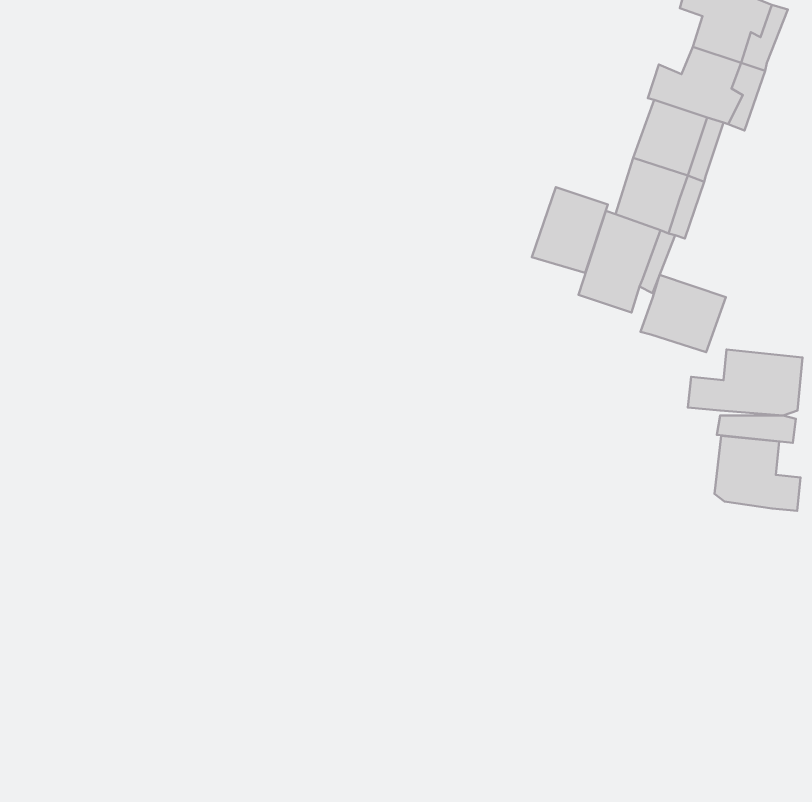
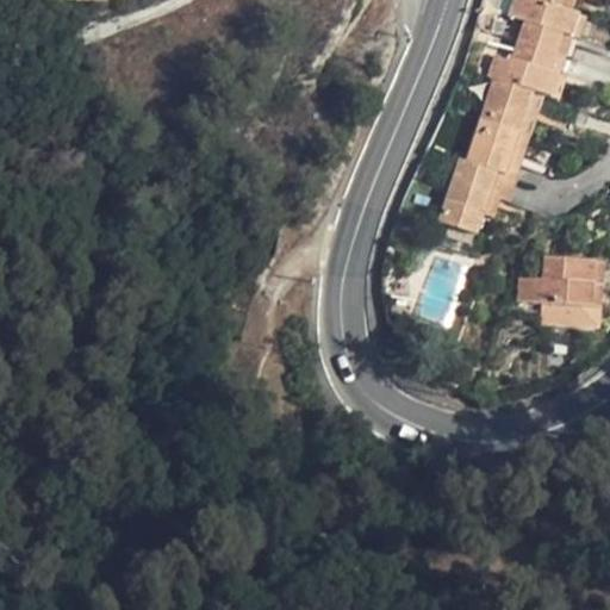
building: [532,187,608,273] -> none
building: [641,275,726,352] -> none
building: [715,436,800,511] -> none

